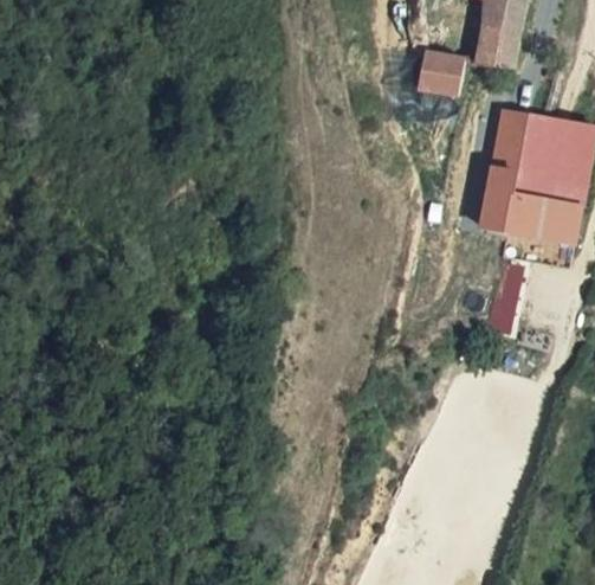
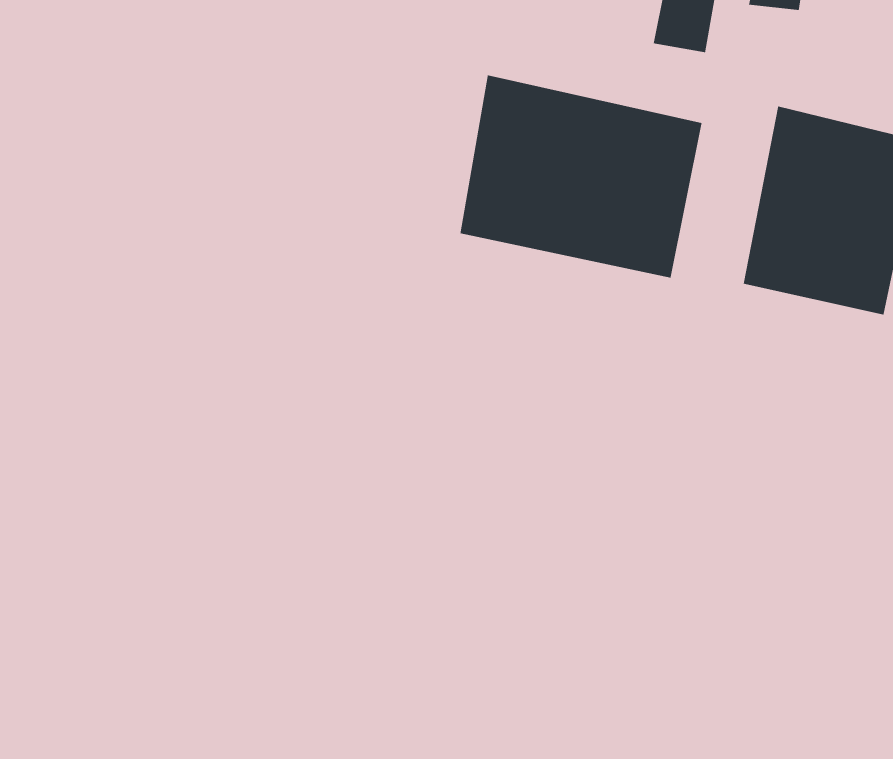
building: none -> [460,74,702,278]

